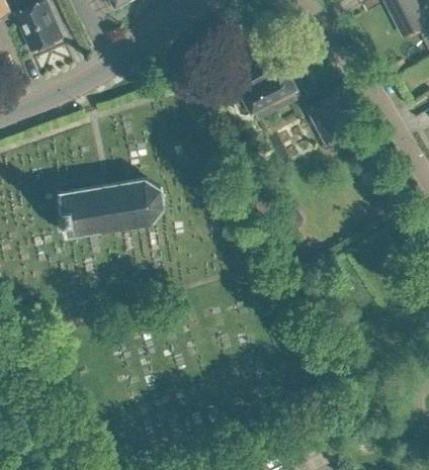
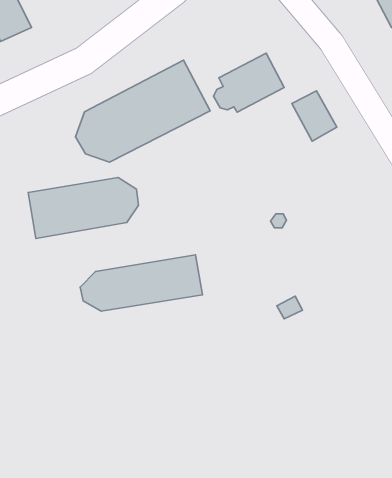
building: none -> [76,60,210,162]
building: none -> [80,255,202,311]

